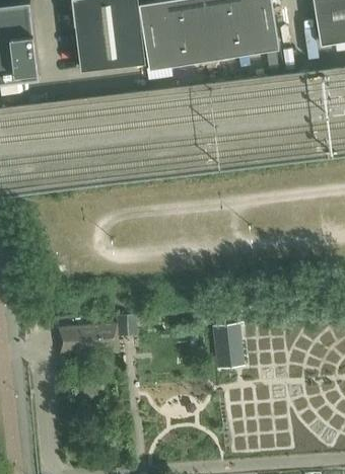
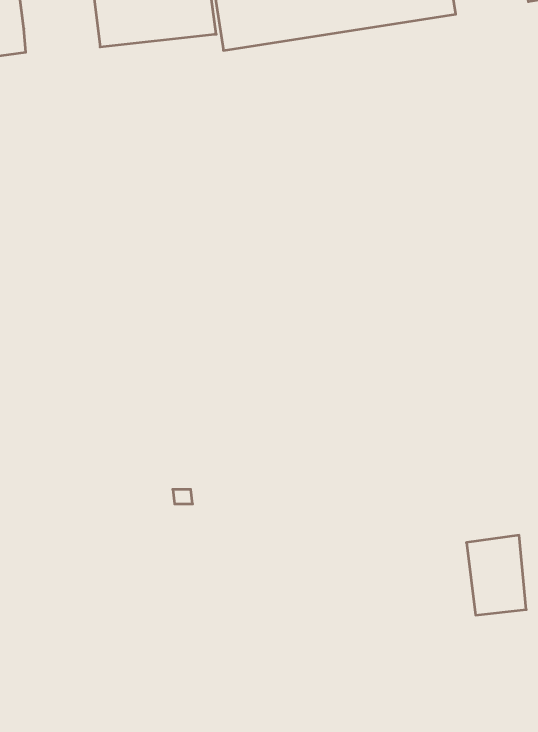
building: [57,323,118,353] -> none
building: [210,325,244,370] -> [466,535,526,615]

